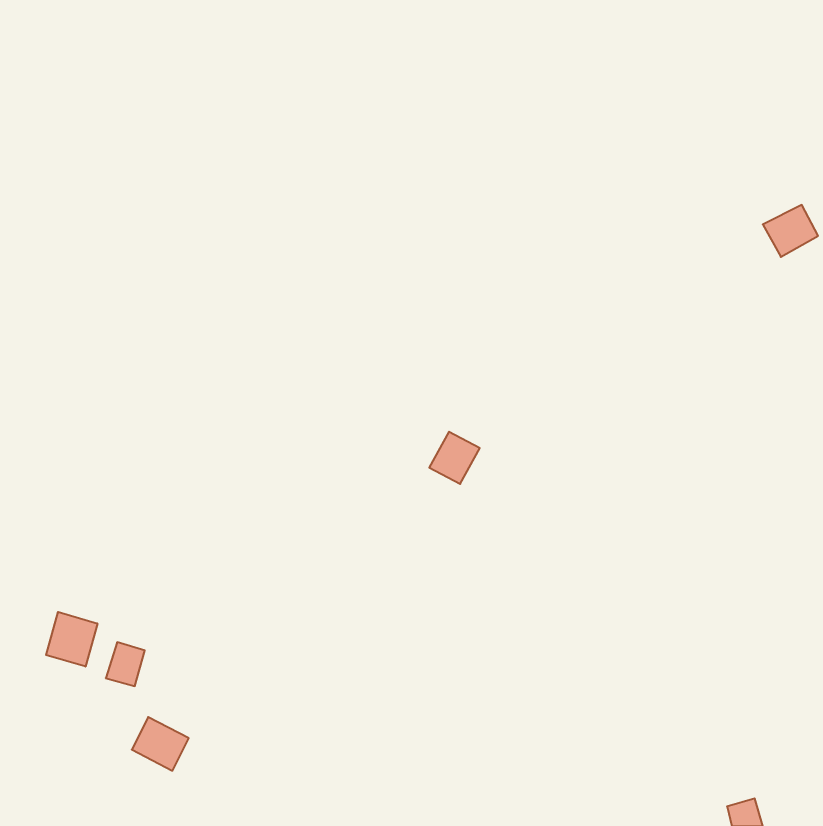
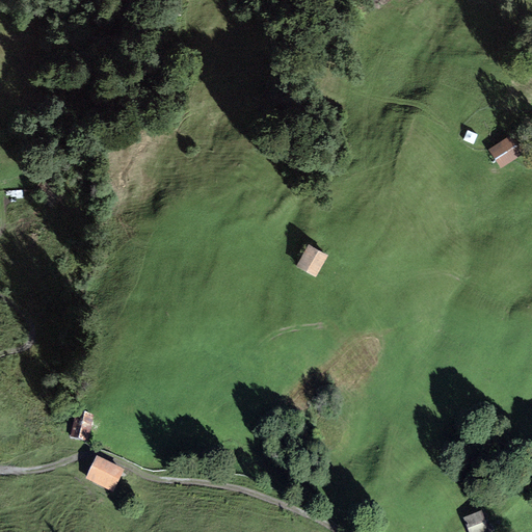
building: [429,432,480,484] -> [295,243,327,276]
building: [46,612,97,667] -> none

